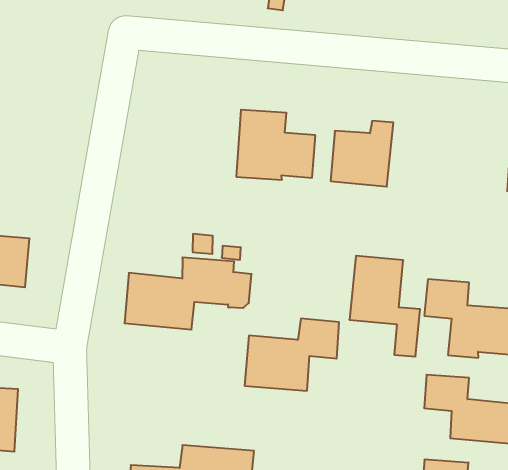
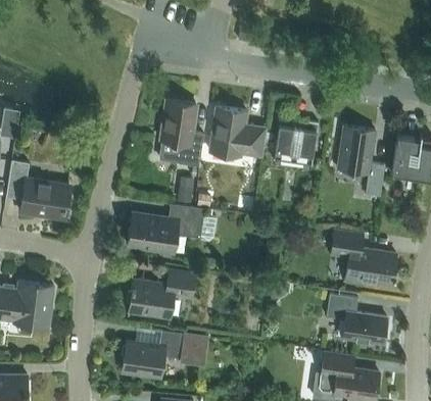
building: none -> [159,100,204,166]
building: [349,256,420,356] -> [337,126,385,196]
building: [245,319,339,391] -> [129,269,195,318]

